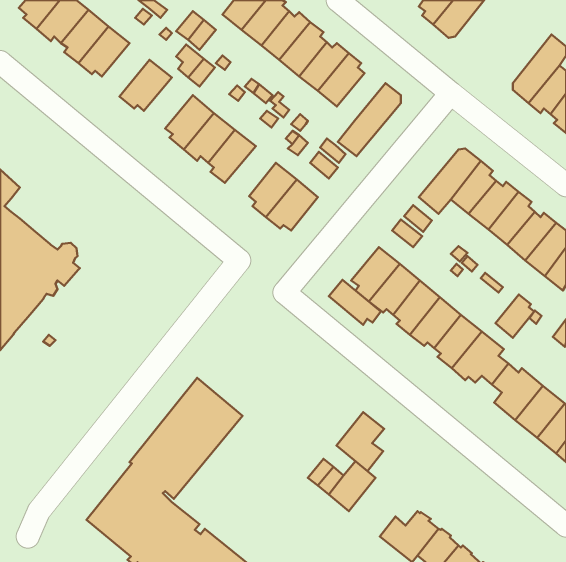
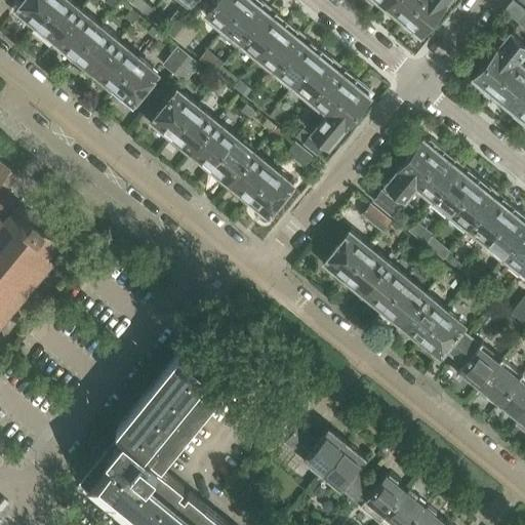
building: none -> [94,44,138,93]
building: none -> [312,72,357,116]
building: none -> [208,139,255,186]
building: [329,280,381,325] -> none
building: [495,295,534,338] -> none
building: [337,412,384,471] -> [323,446,367,500]

